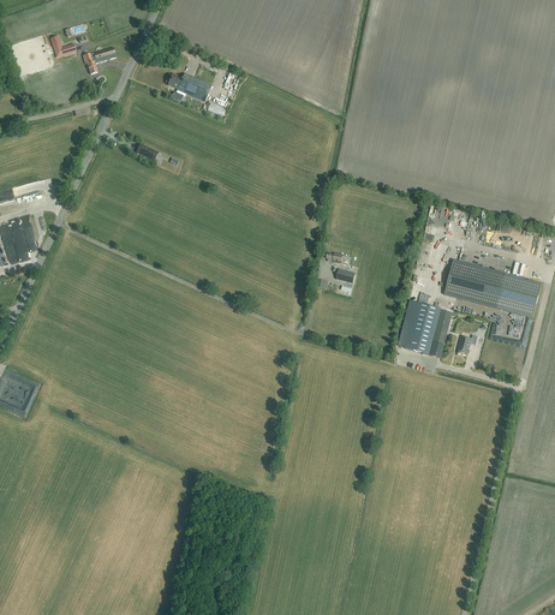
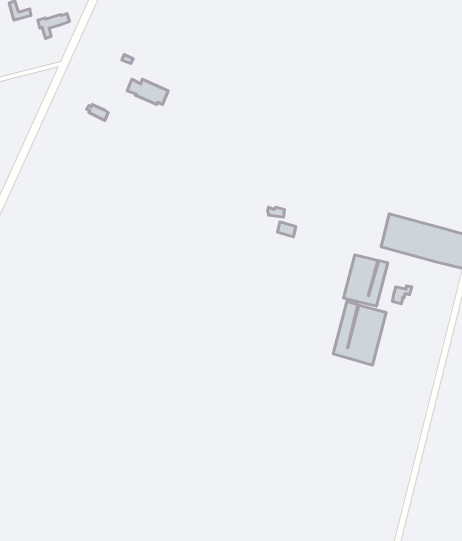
building: [167,72,210,98] -> [127,79,168,104]
building: none -> [333,301,386,365]

